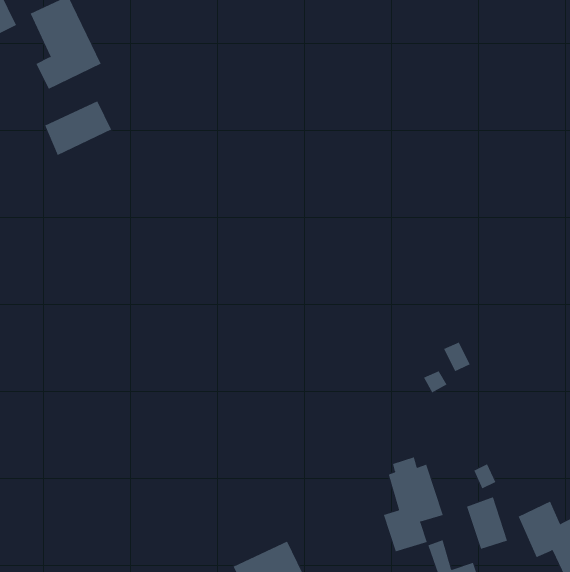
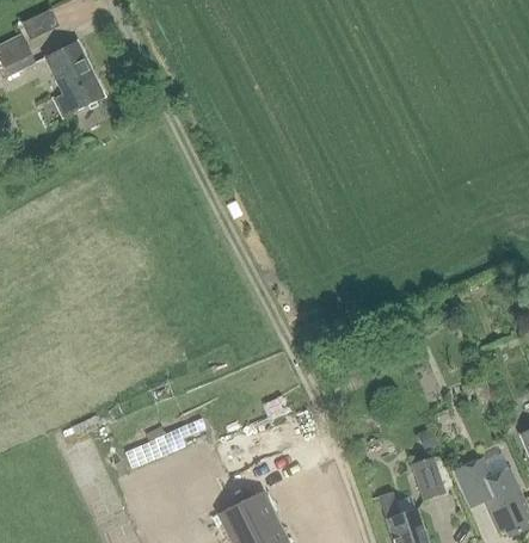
building: [45,100,112,156] -> none
building: [383,456,443,552] -> none

